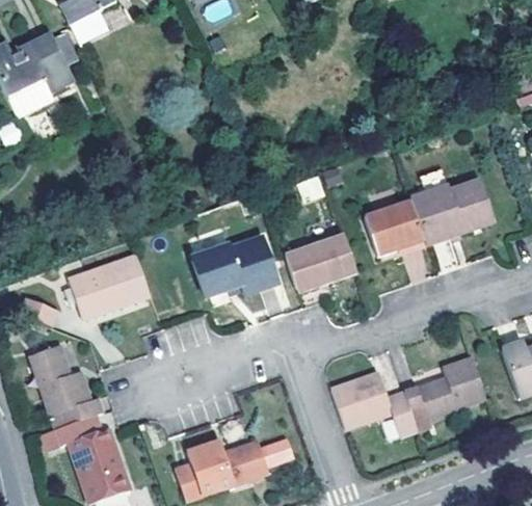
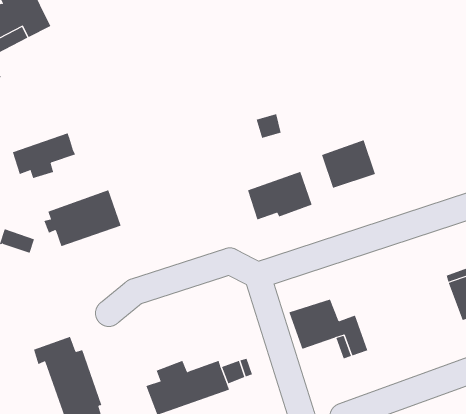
building: [411,179,495,243] -> none
building: none -> [12,132,76,179]
building: [193,238,276,295] -> none
building: [29,346,103,428] -> none
building: [403,356,486,429] -> none

